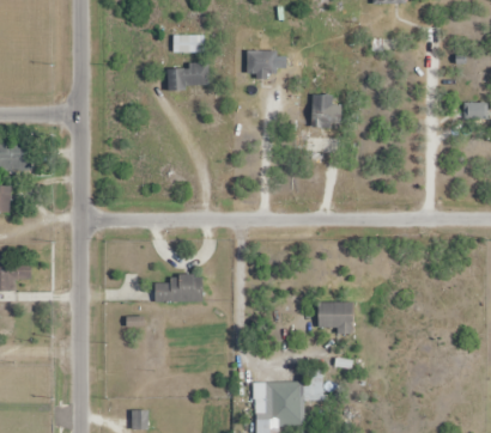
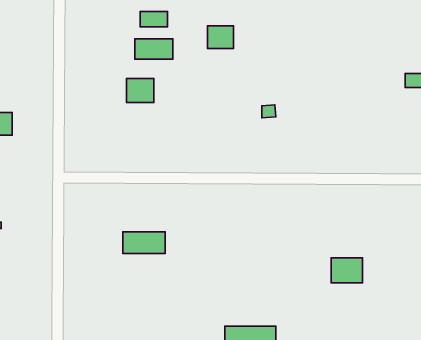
building: [311,94,341,126] -> none
building: none -> [126,78,154,103]
building: [317,303,352,330] -> [331,258,363,283]

